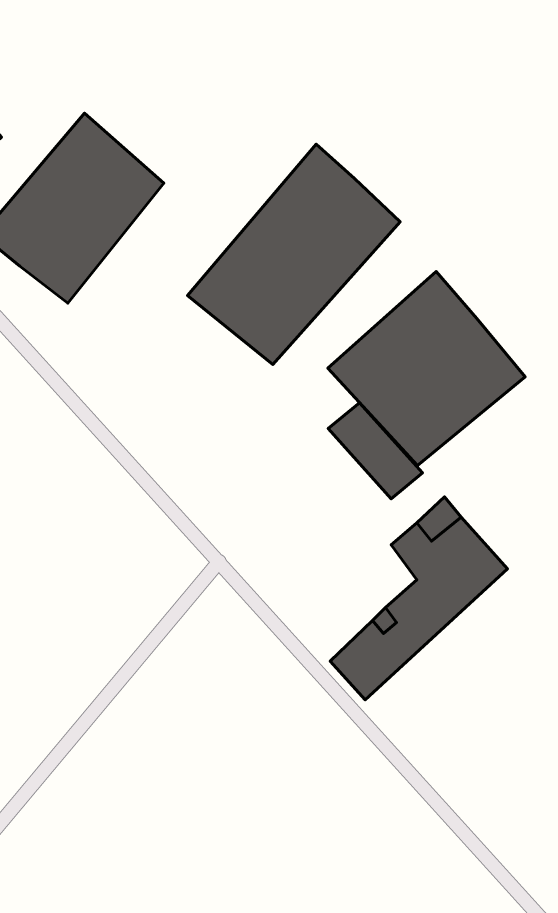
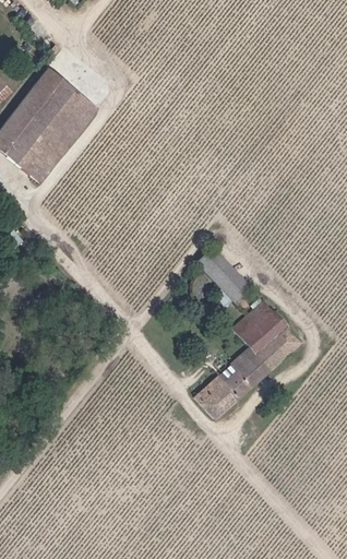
building: [188,144,400,364] -> none
building: [328,272,525,466] -> none

